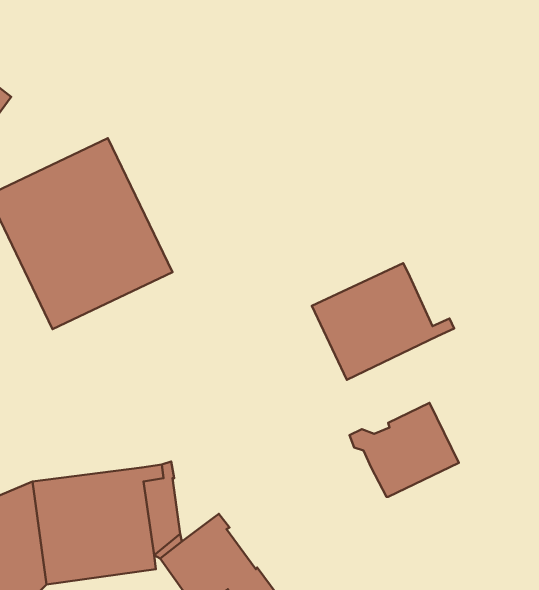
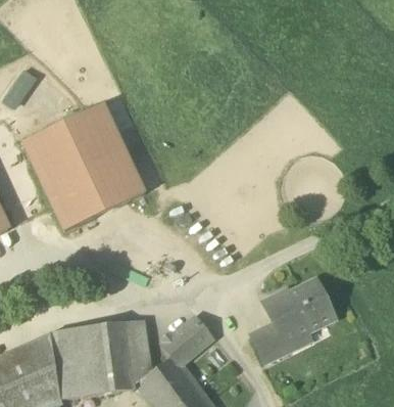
building: [312,263,454,380] -> none
building: none -> [162,316,212,362]
building: none -> [251,322,292,363]

